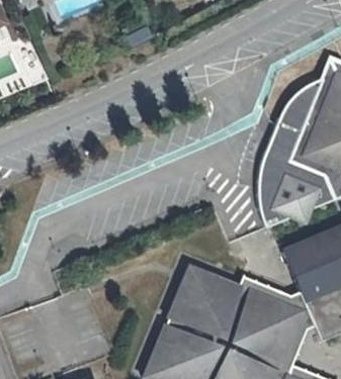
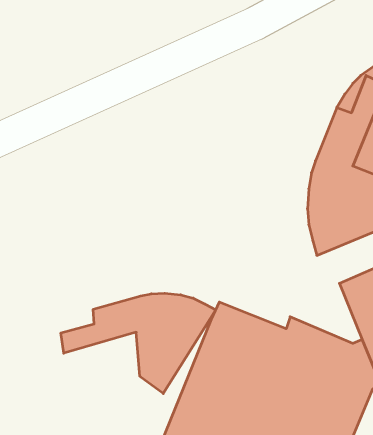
building: none -> [61,293,216,394]

